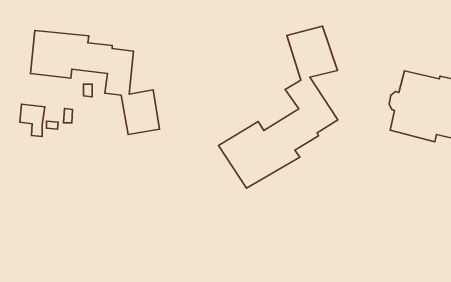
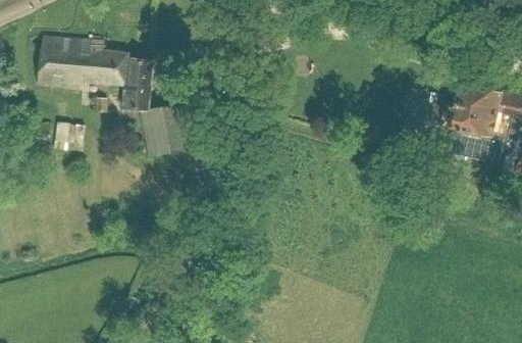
building: [219,26,338,188] -> none

